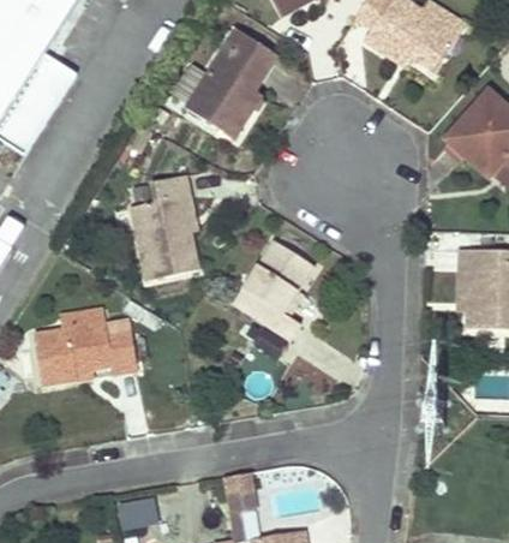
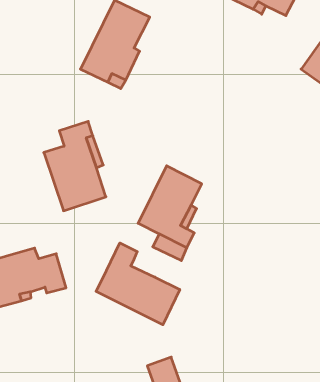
building: none -> [96,243,180,325]

